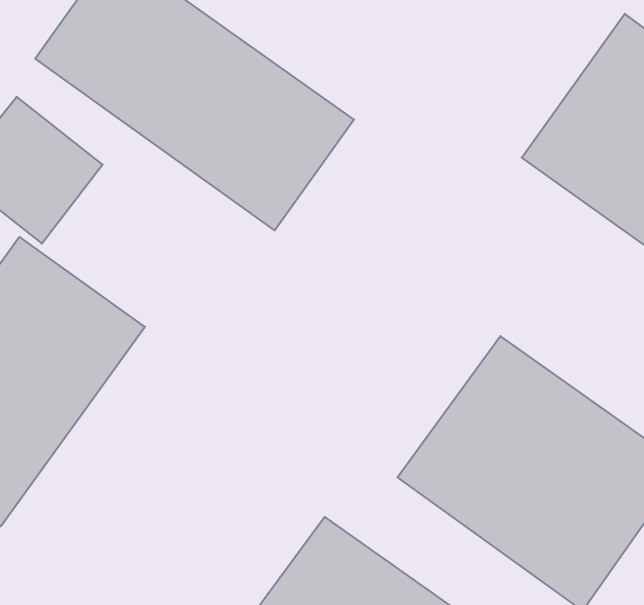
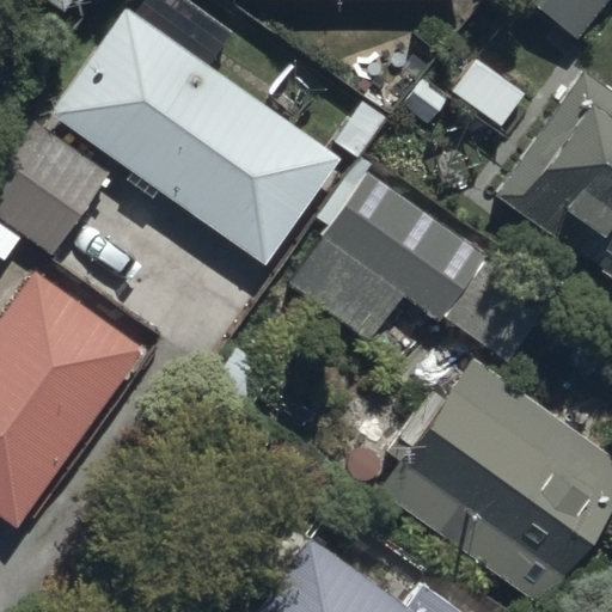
building: none -> [287,171,479,367]

